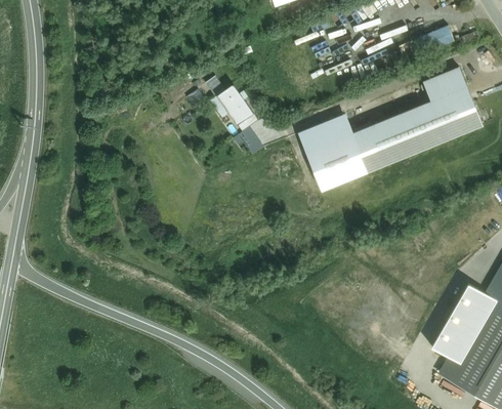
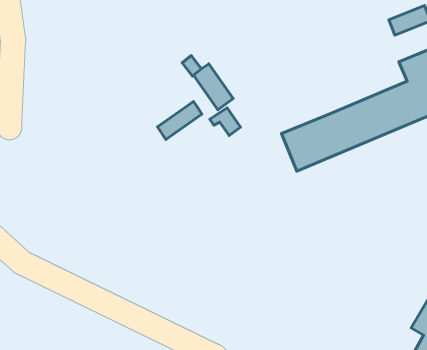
building: [298,117,351,154] -> none
building: none -> [158,102,202,139]

